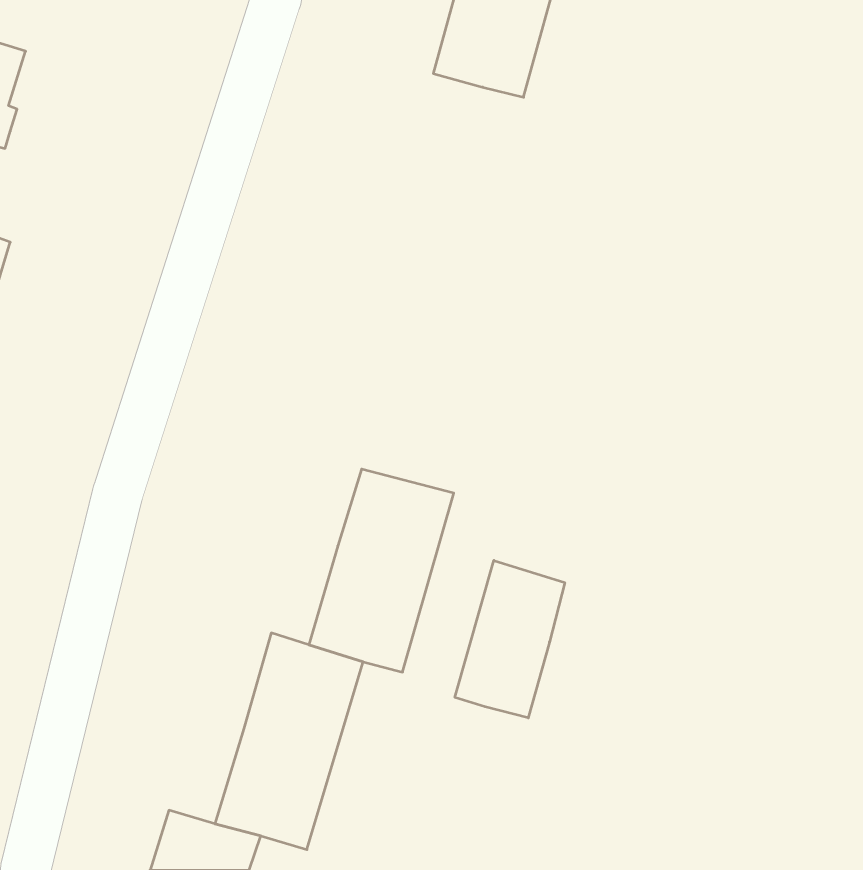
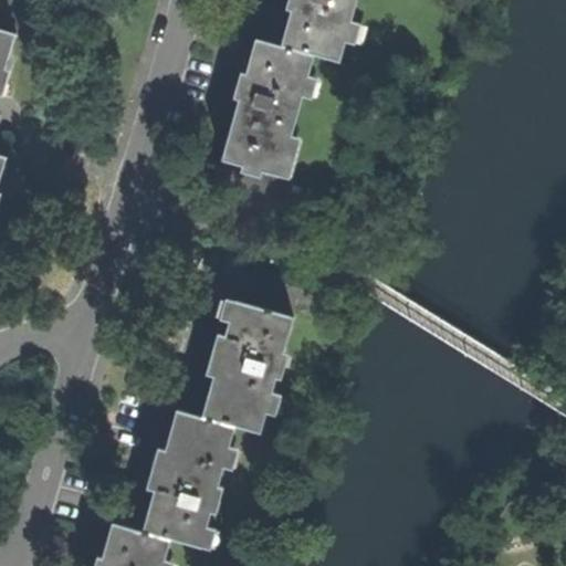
building: none -> [221,41,313,178]
building: [455,560,565,718] -> none

